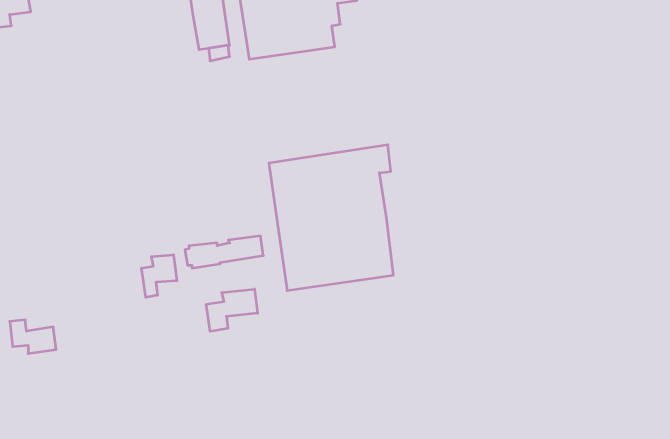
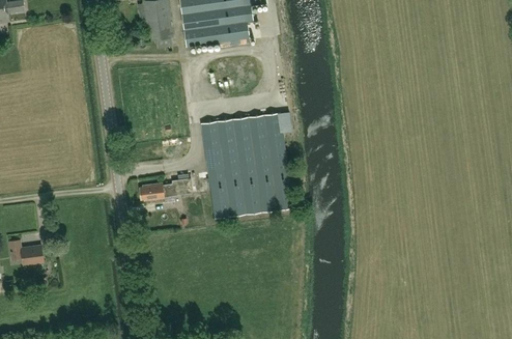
building: [142,255,177,297] -> none
building: [206,289,258,331] -> none

